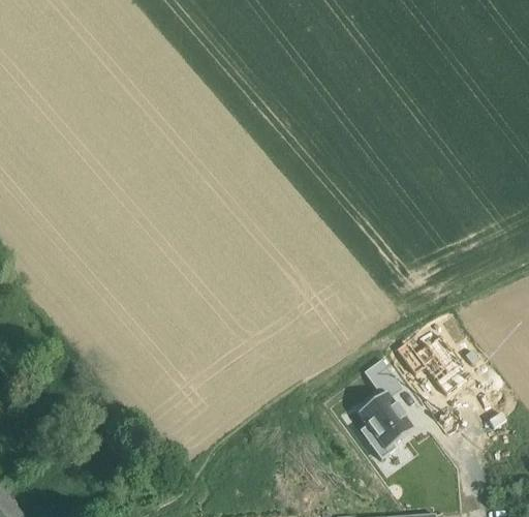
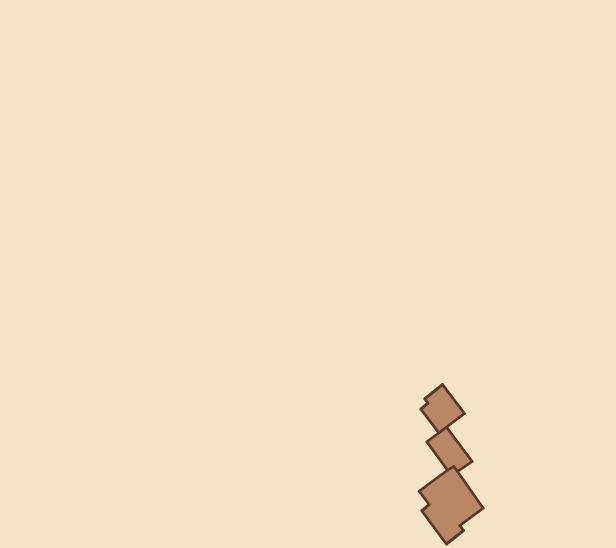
building: none -> [421,384,464,433]

